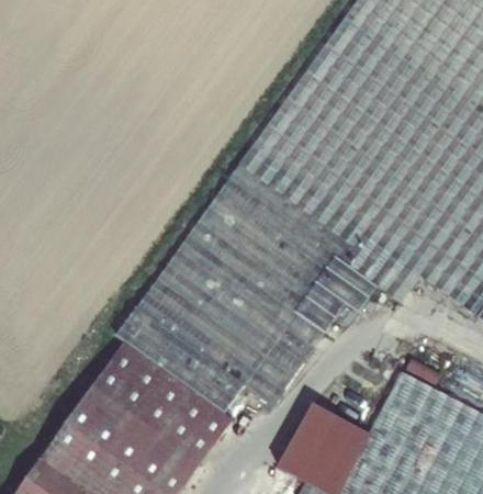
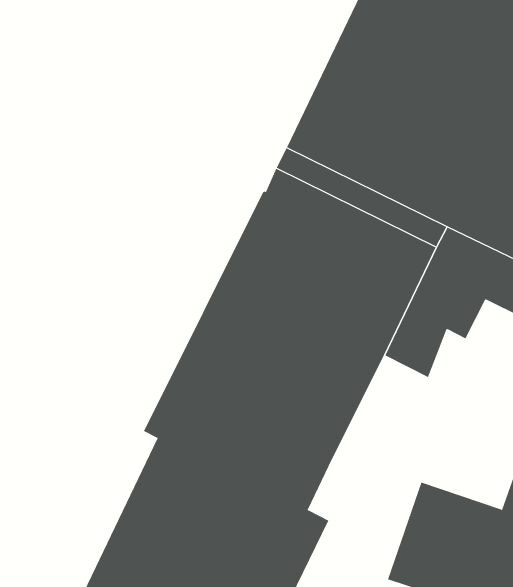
building: [248,307,328,398] -> none

